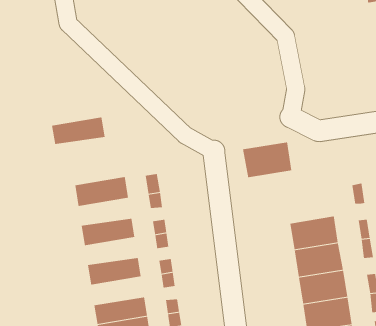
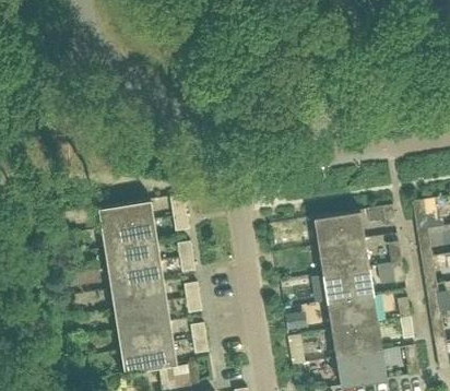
building: [51,117,105,144] -> [102,222,157,250]
building: [242,142,292,178] -> [313,211,365,248]
building: none -> [108,262,164,291]
building: none -> [115,303,170,332]

